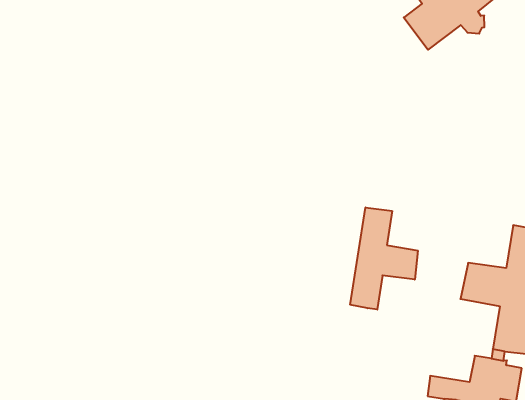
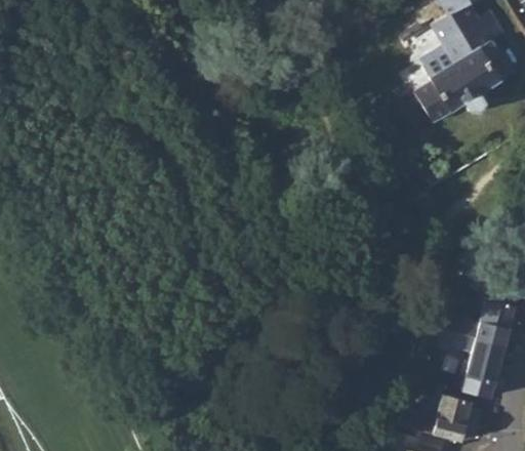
building: [350,207,418,310] -> none

